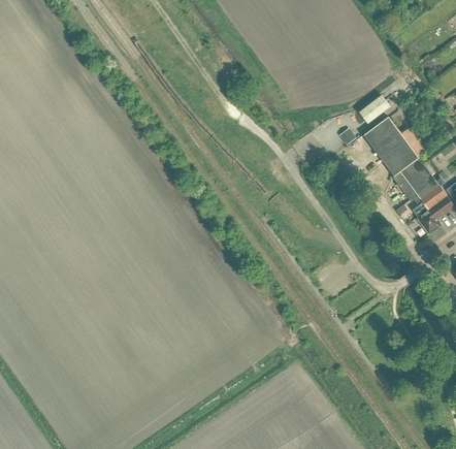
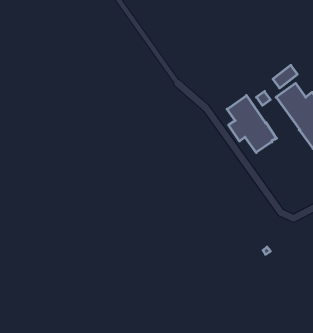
building: none -> [227,95,277,153]

